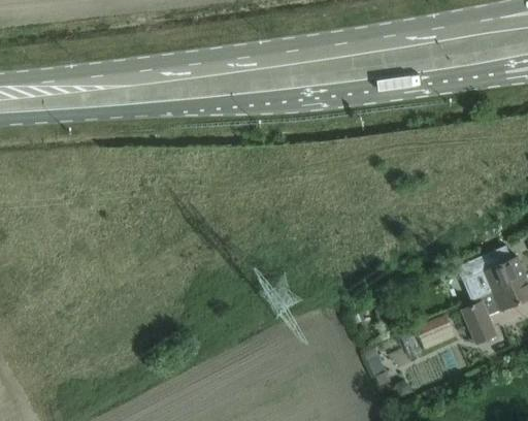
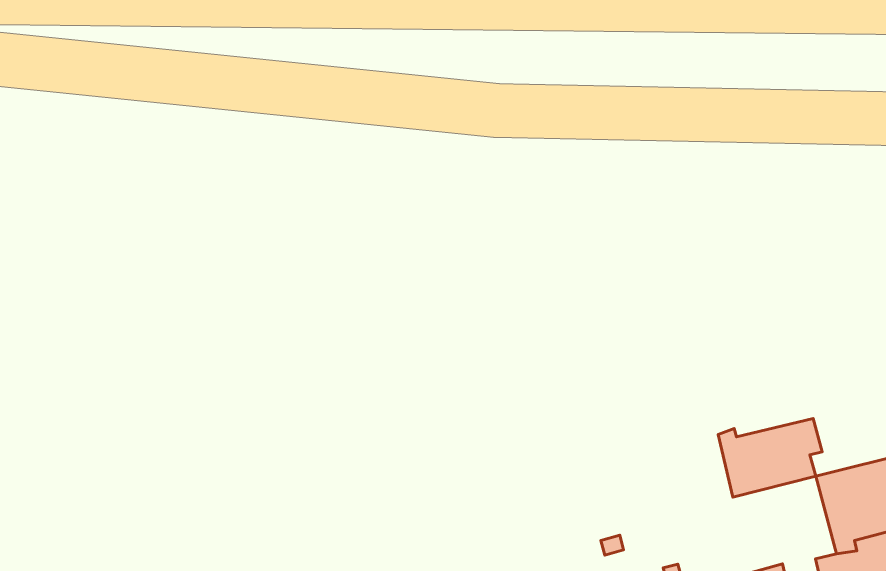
building: none -> [718,419,822,497]

